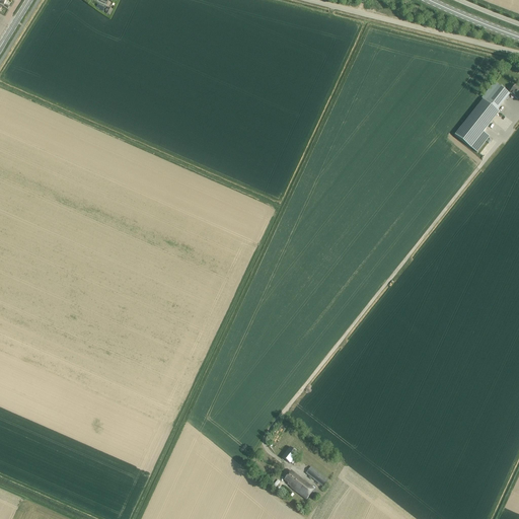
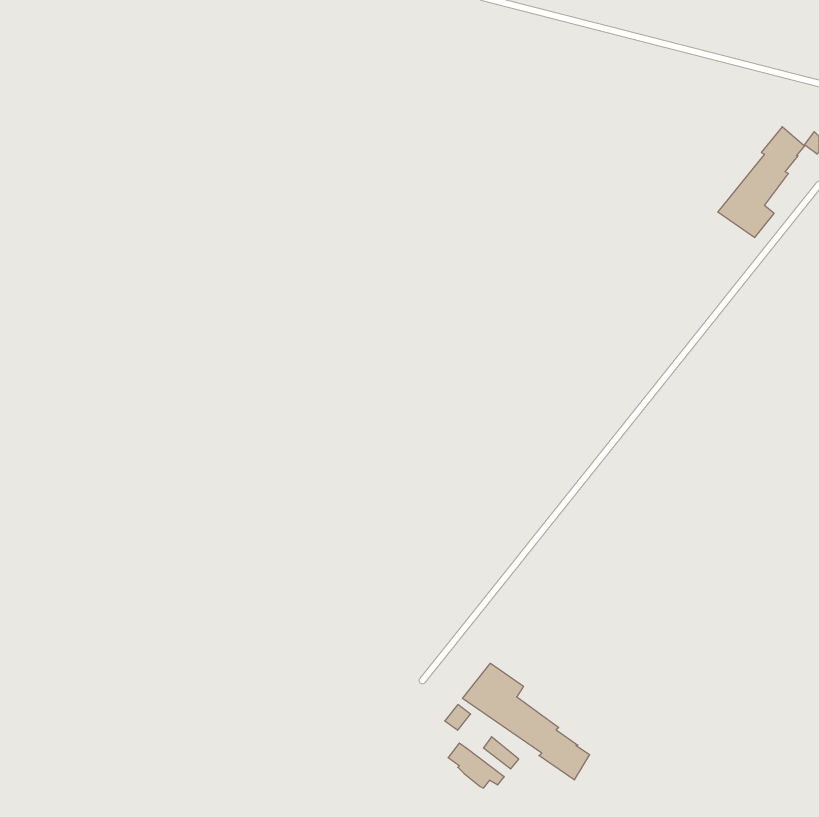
building: none -> [463,663,590,780]

